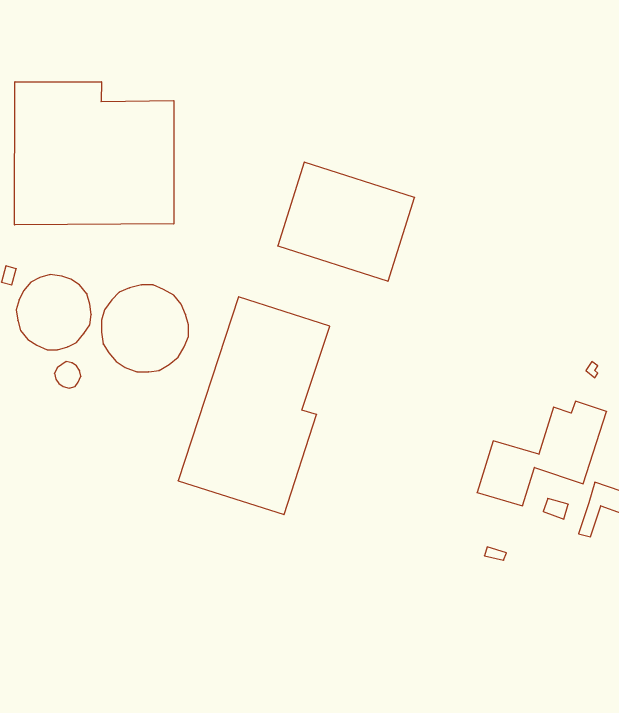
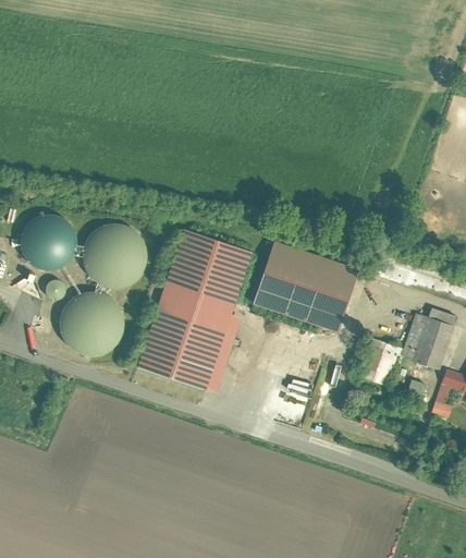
building: [15,82,174,225] -> none
building: [278,162,415,281] -> [253,242,354,330]
building: none -> [60,293,122,354]

